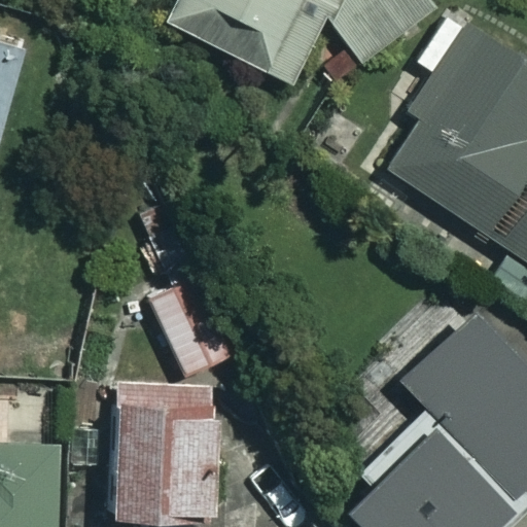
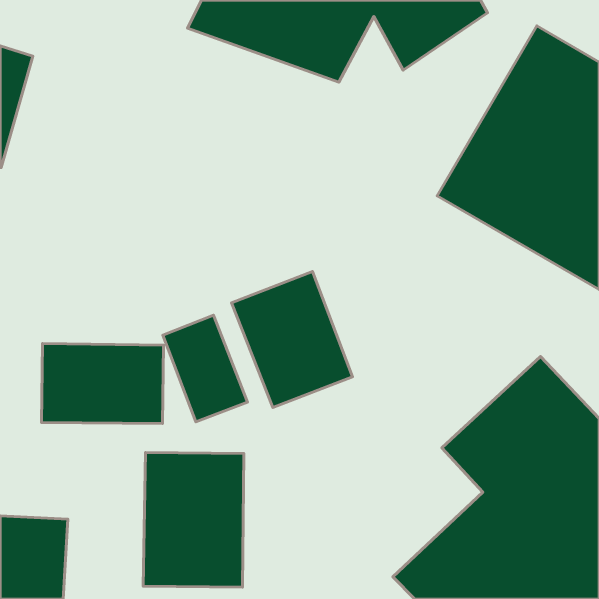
building: none -> [232,272,353,408]
building: none -> [42,344,164,423]

